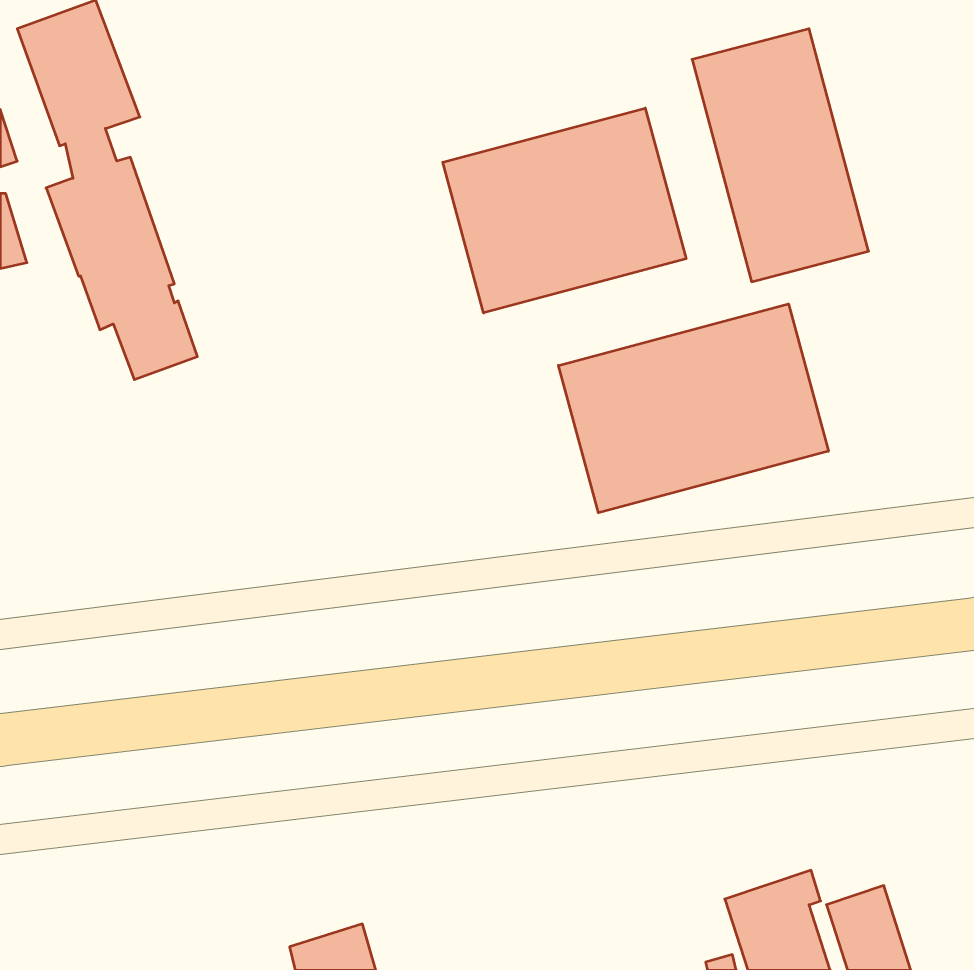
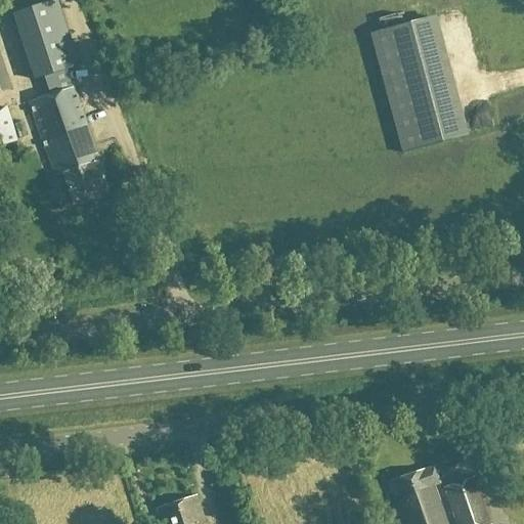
building: [443,108,686,313] -> none
building: [558,304,828,513] -> none

